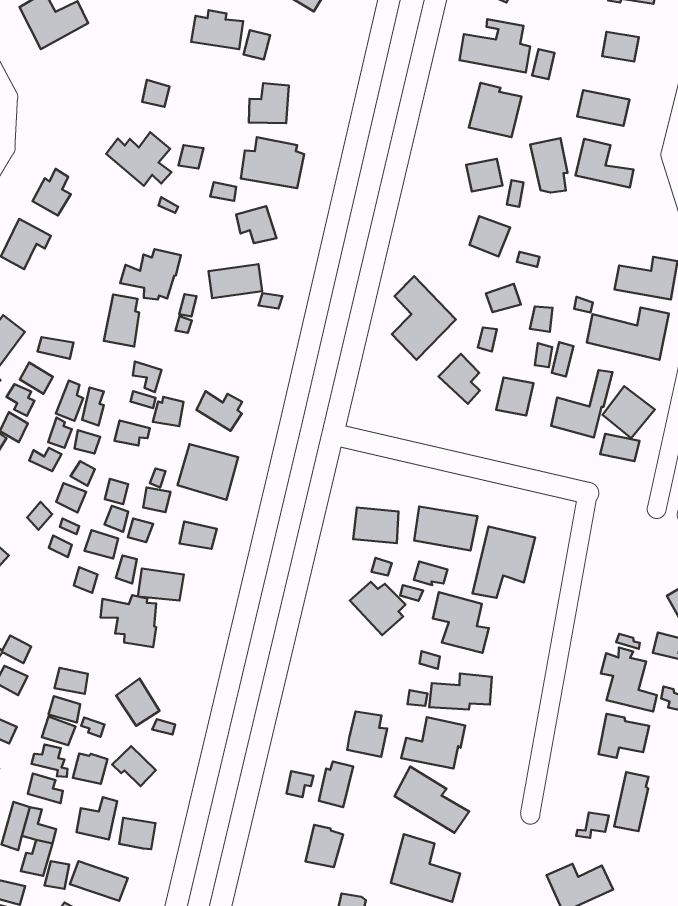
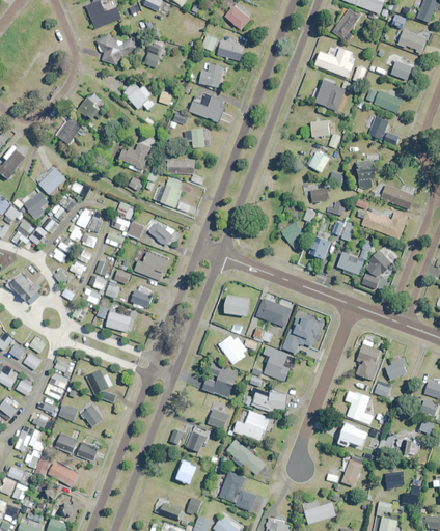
building: [191,10,243,49] -> [215,37,244,60]
building: none -> [95,34,138,66]
building: [530,138,567,193] -> [356,160,374,188]
building: [392,276,456,360] -> none
building: [104,294,139,346] -> [160,178,181,207]
building: none -> [357,339,380,380]
building: [101,595,156,647] -> none
building: none -> [201,365,237,397]

